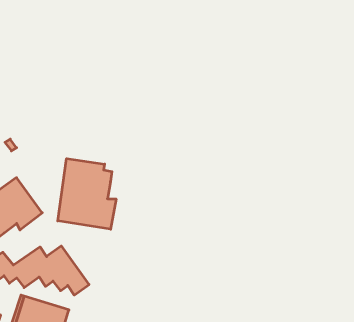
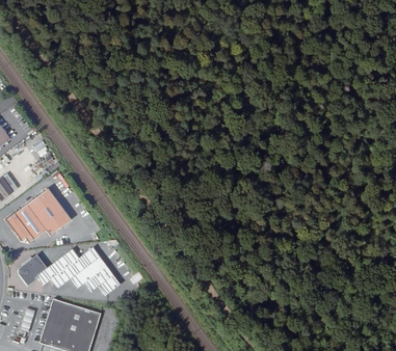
building: [58,159,116,229] -> none

